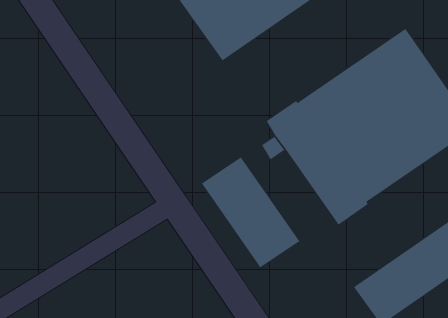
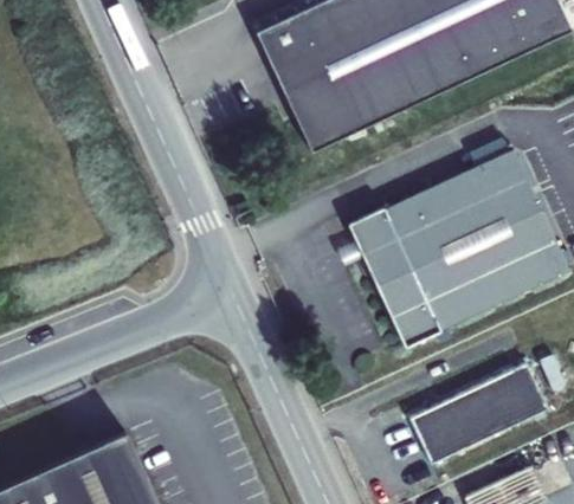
building: [201,156,300,268] -> none

